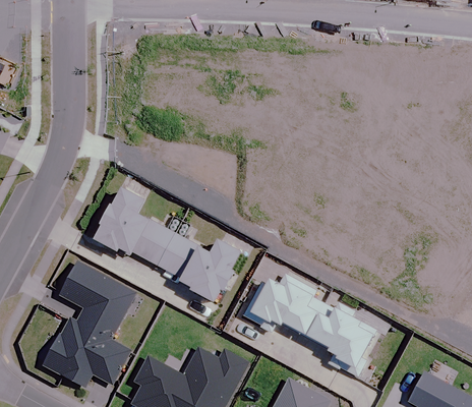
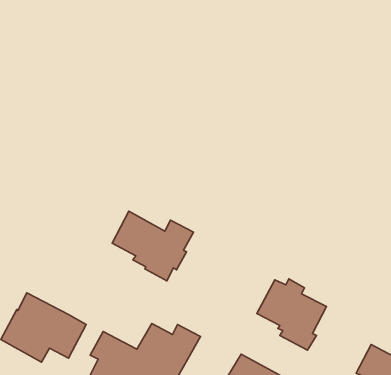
building: [94,190,175,266] -> none
building: [60,261,137,339] -> none
building: [244,274,324,338] -> none

